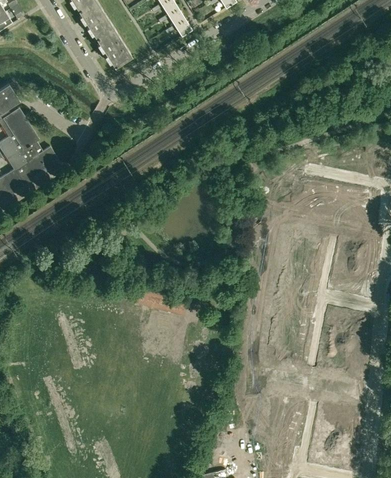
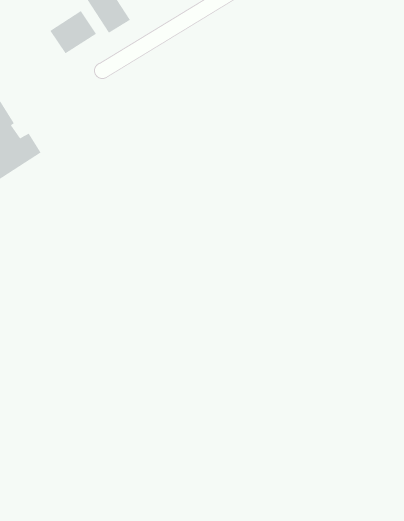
building: none -> [50,10,97,54]

